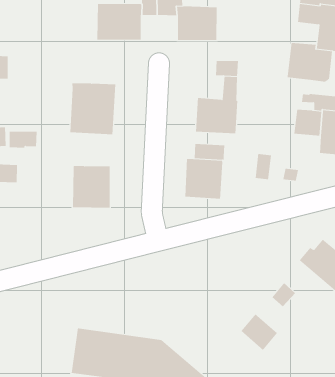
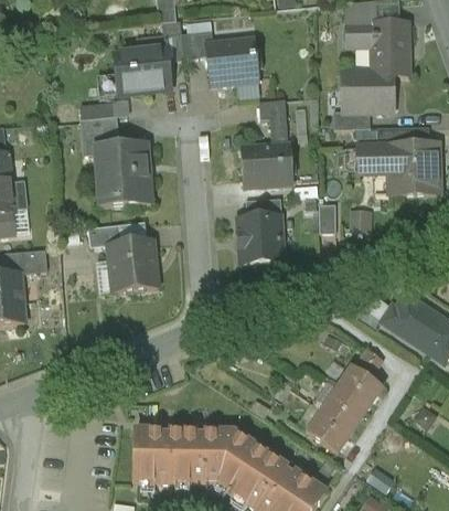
building: none -> [79,115,118,155]
building: none -> [333,110,370,129]
building: [9,131,38,148] -> [87,223,121,245]
building: none -> [338,365,381,407]
building: none -> [308,409,352,451]

